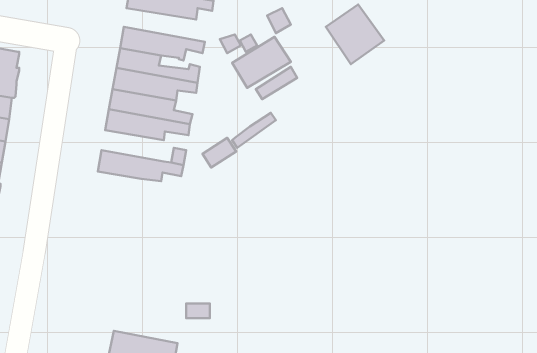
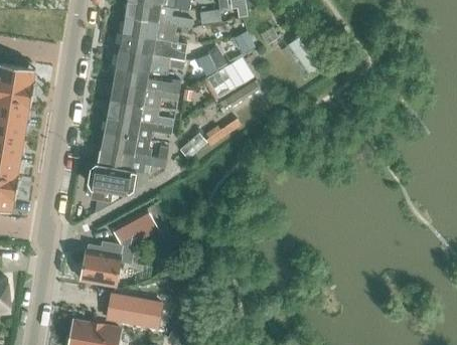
building: none -> [119,33,187,60]
building: none -> [101,132,152,157]
building: none -> [91,165,149,203]
building: none -> [81,209,155,287]

